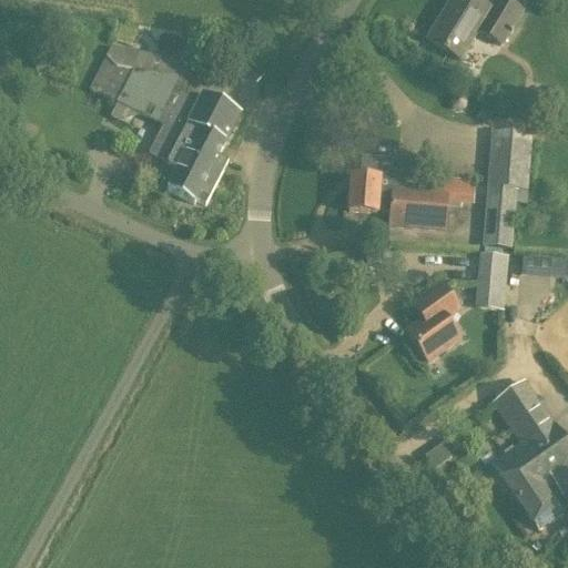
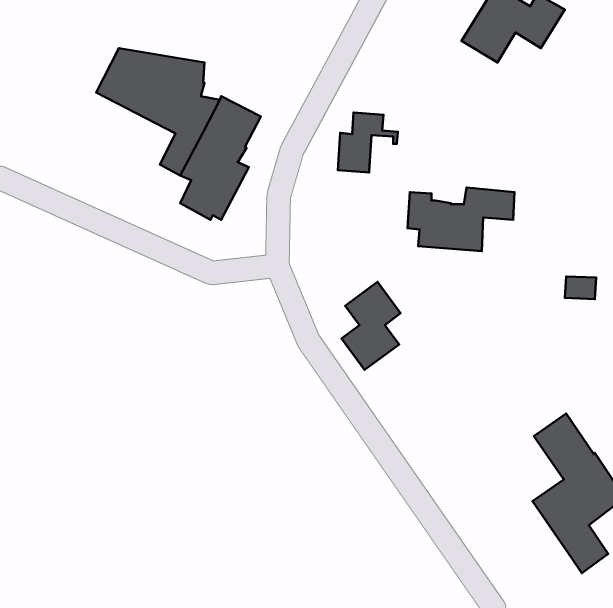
building: [481,121,532,247] -> none
building: [348,156,404,212] -> [338,112,398,173]
building: [475,251,508,308] -> none
building: [406,280,460,361] -> [342,282,400,370]

